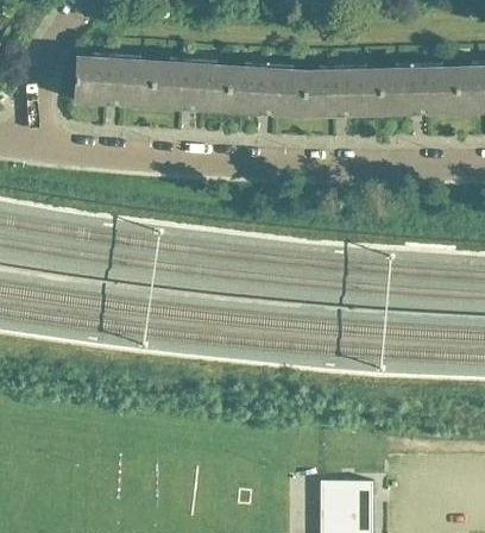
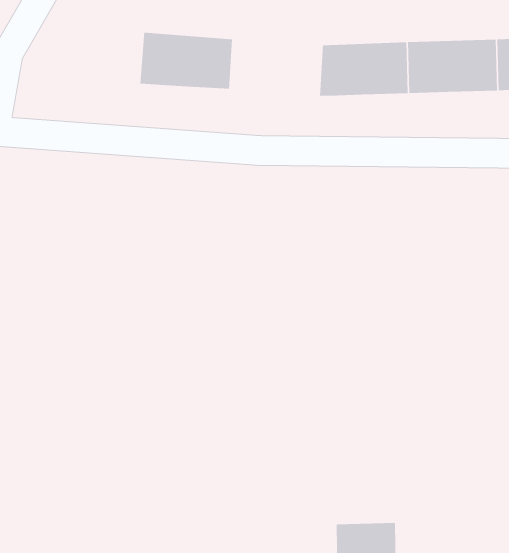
building: [76,56,156,105] -> none
building: [229,67,308,115] -> none

